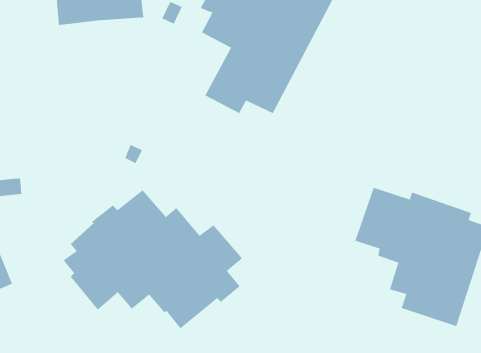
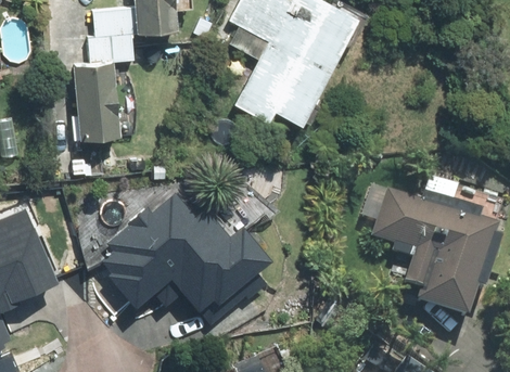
building: none -> [71,34,135,140]

